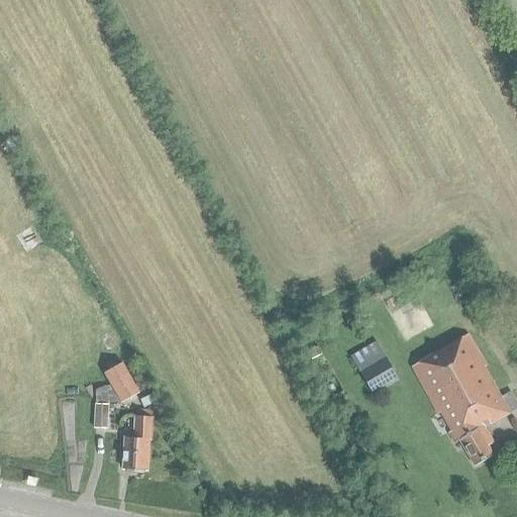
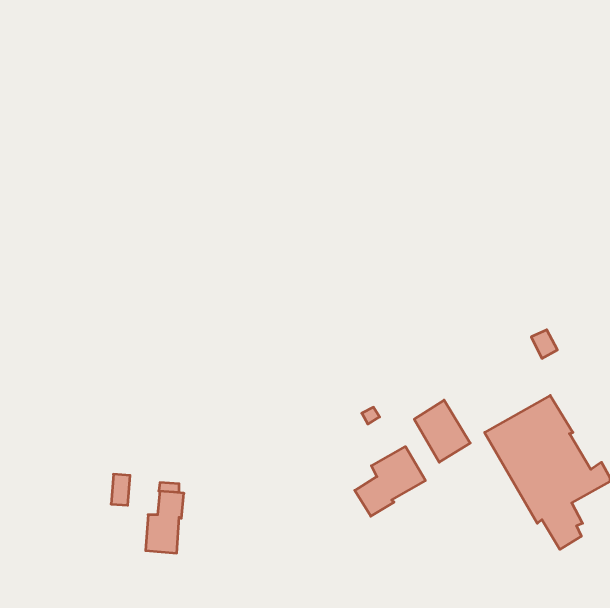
building: [104,361,139,401] -> none
building: none -> [355,447,425,516]

